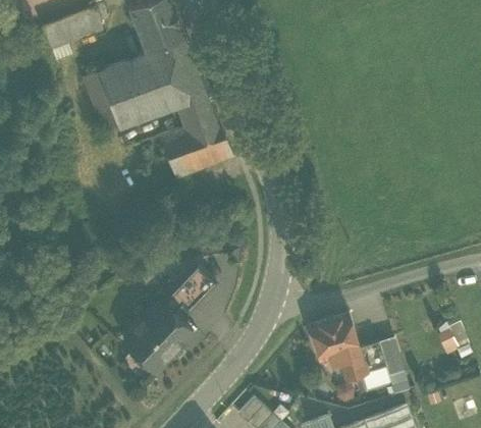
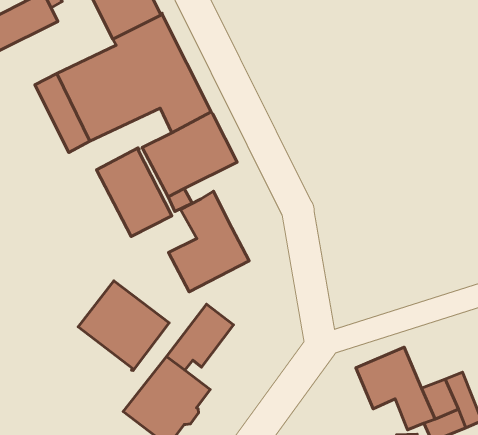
building: none -> [97,148,172,237]
building: none -> [169,191,249,292]
building: none -> [78,281,169,371]

